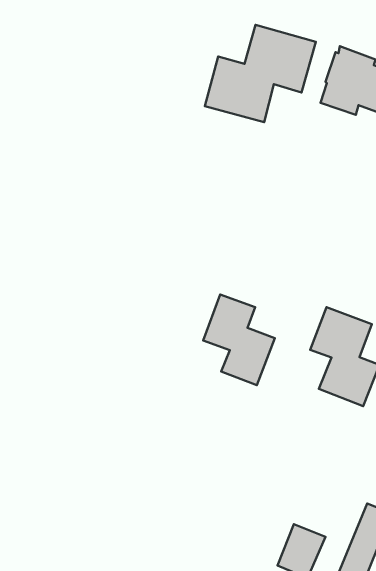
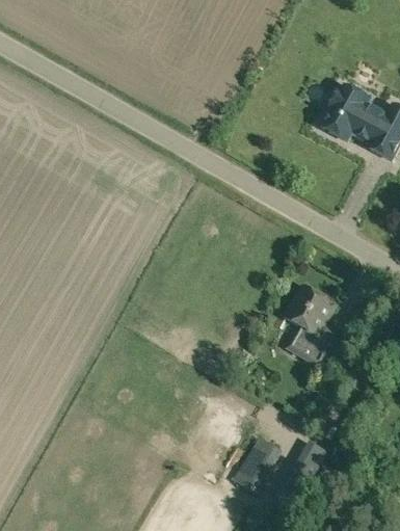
building: [205,25,316,122] -> none
building: [203,295,275,385] -> none

